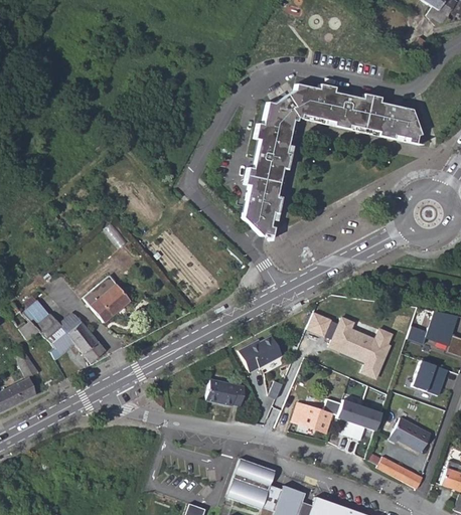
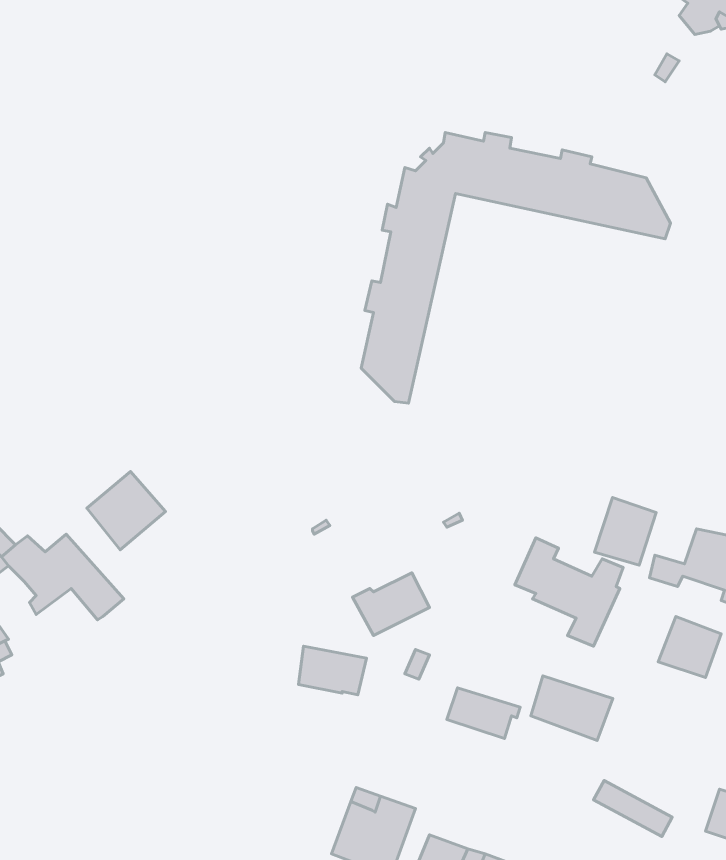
building: none -> [594,498,656,565]
building: [309,311,334,337] -> none
building: [389,416,430,451] -> none

